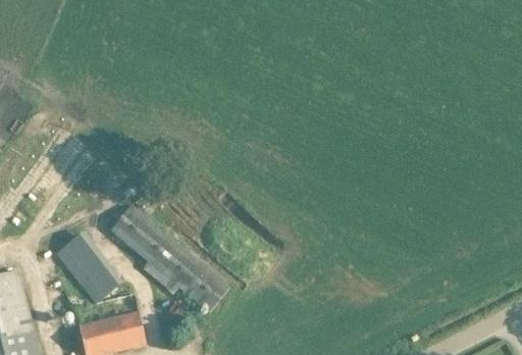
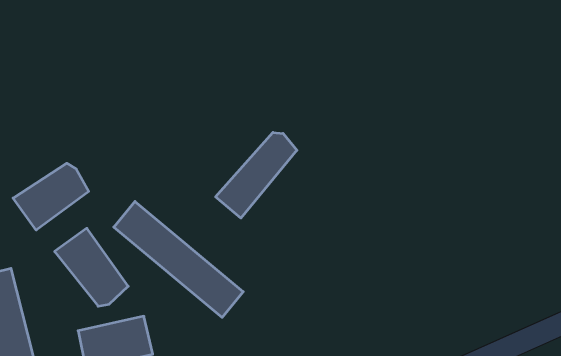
building: none -> [216,132,297,218]
building: none -> [13,163,89,230]

